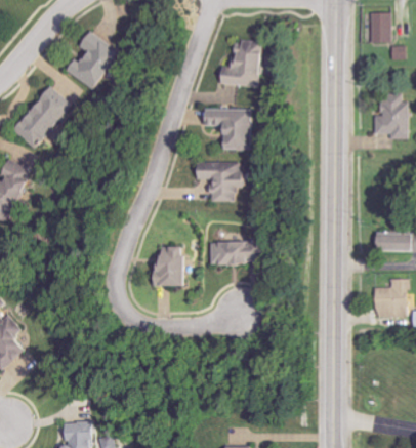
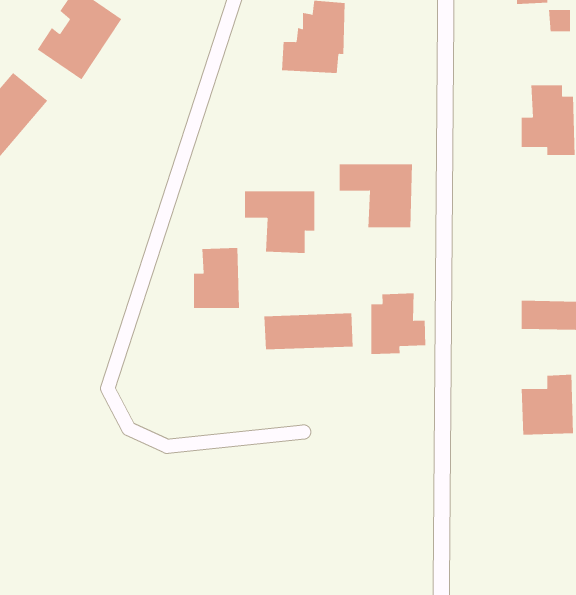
building: [203,109,250,150] -> [339,164,413,228]
building: none -> [371,293,426,355]
building: [155,246,184,285] -> [193,247,240,308]

